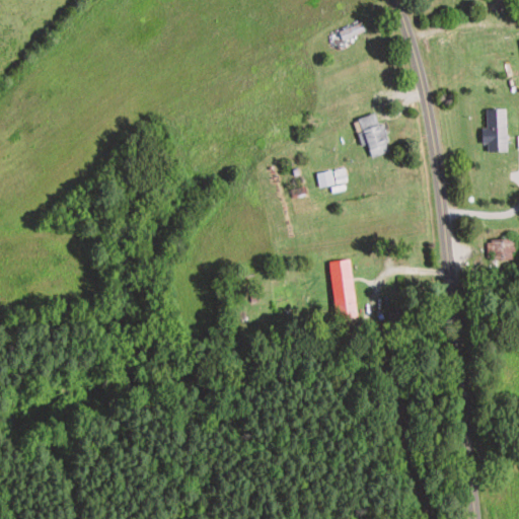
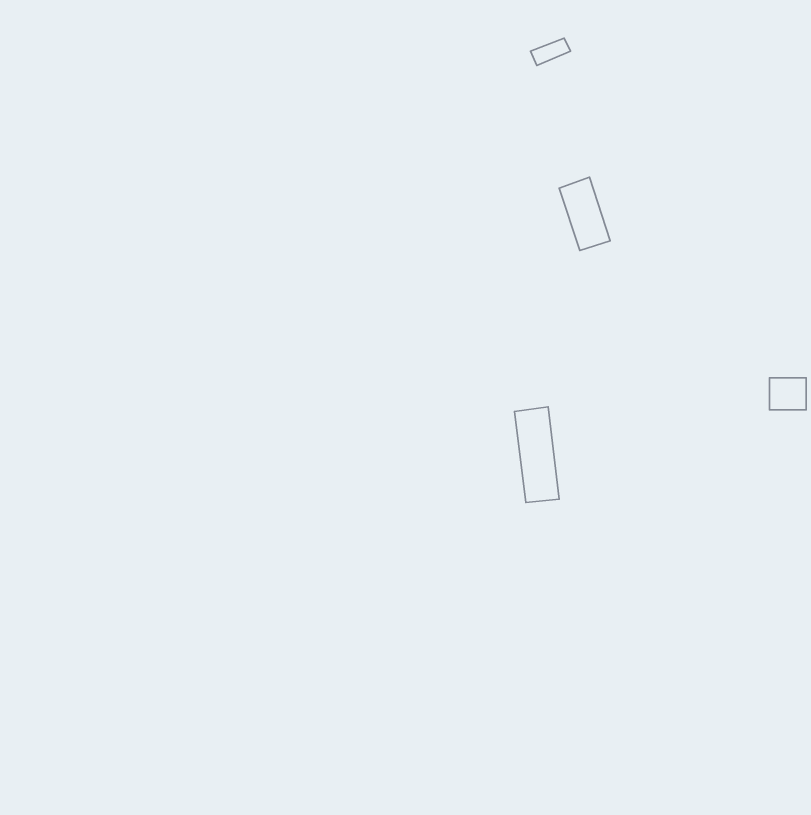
building: [486,108,507,152] -> none
building: [317,168,349,189] -> none

